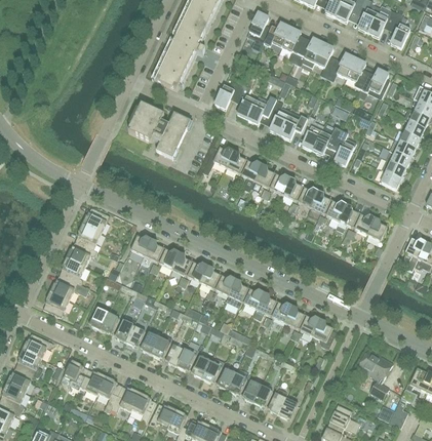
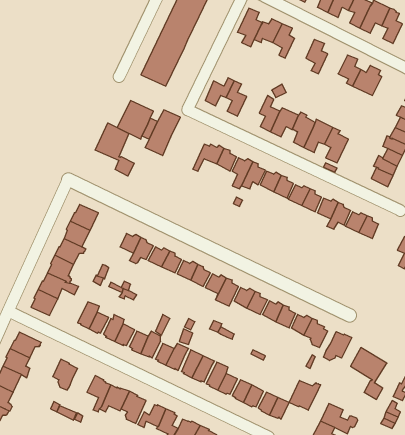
building: [293,38,322,65] -> none
building: [326,53,355,80] -> none
building: [246,94,276,123] -> none
building: none -> [95,123,134,176]
building: none -> [324,332,352,361]
building: [80,368,106,395] -> none
building: none -> [289,380,321,410]

